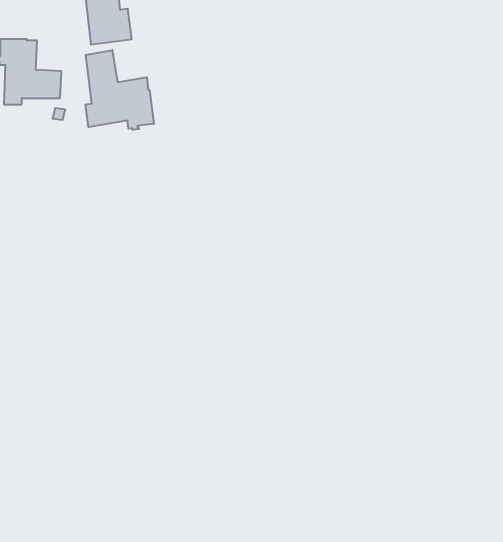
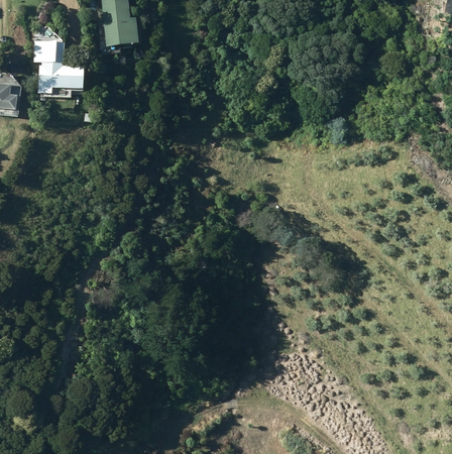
building: [86,50,154,130] -> none

